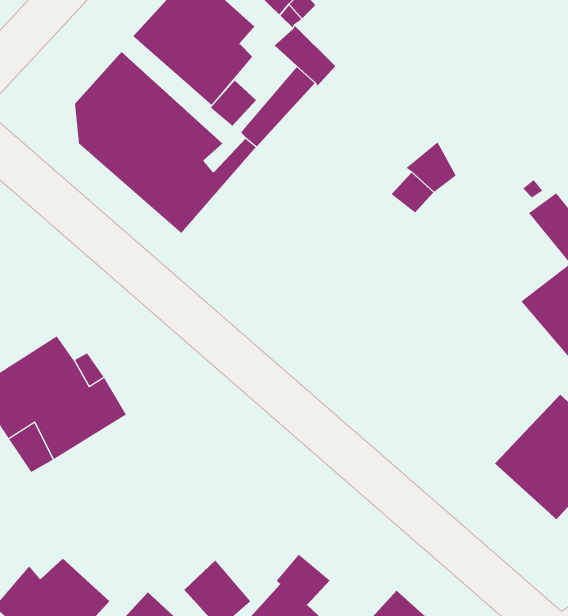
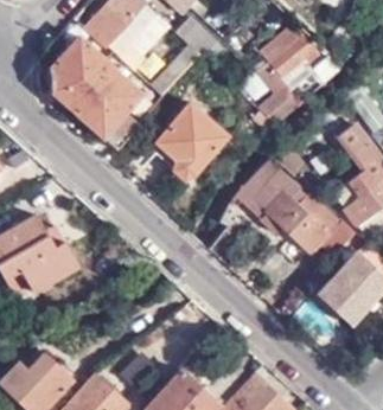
building: none -> [260,21,315,87]
building: none -> [154,102,228,178]
building: none -> [231,154,356,255]

